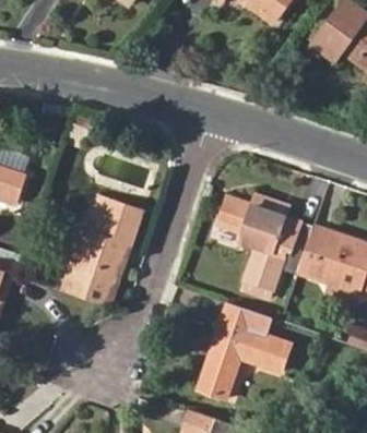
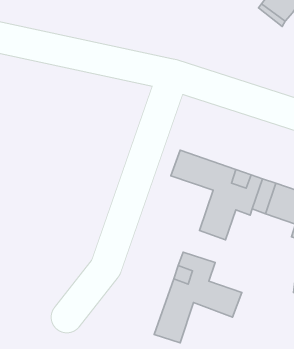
building: [72,209,131,306] -> none

